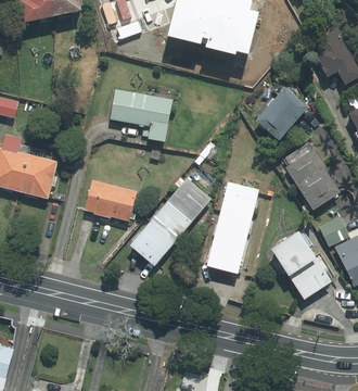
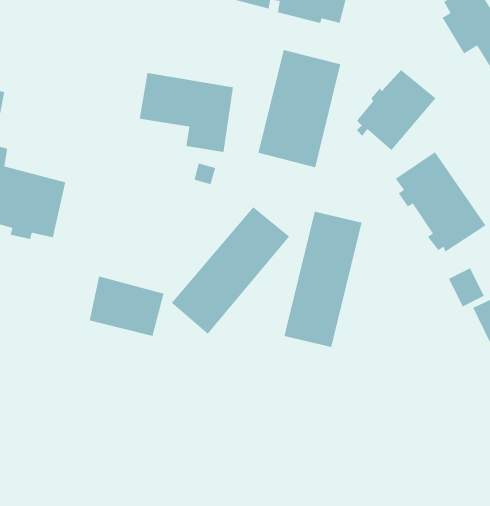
building: none -> [257,49,341,168]
building: [85,179,136,220] -> [89,276,164,337]
building: [273,229,333,301] -> none

